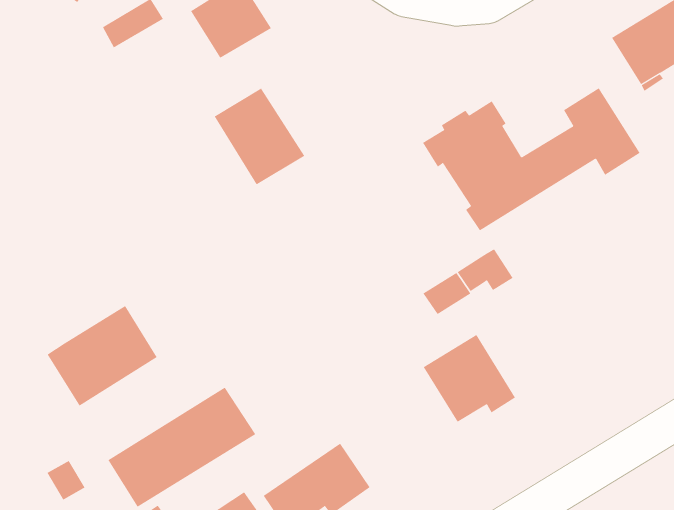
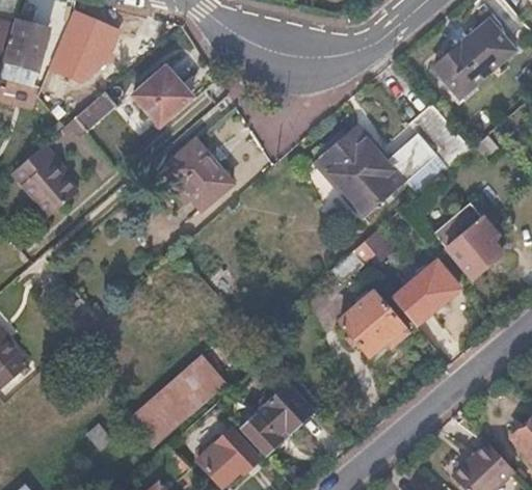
building: none -> [14,140,79,211]
building: none -> [433,201,501,276]
building: [47,305,158,407] -> none
building: none -> [392,261,458,324]

